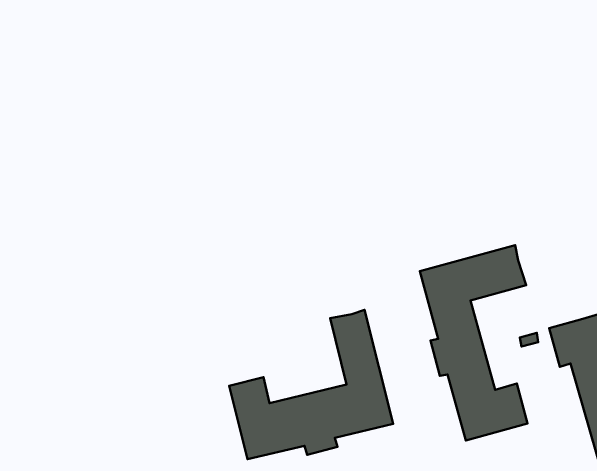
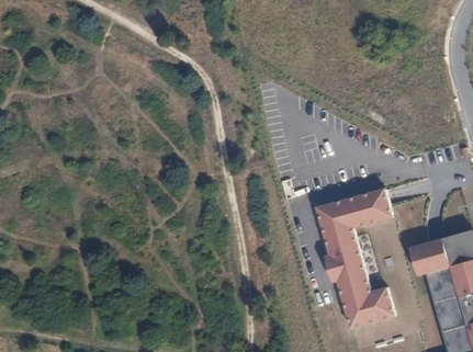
building: [229,310,393,459] -> none

